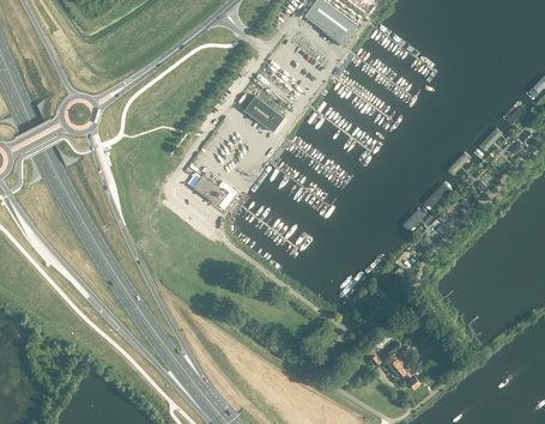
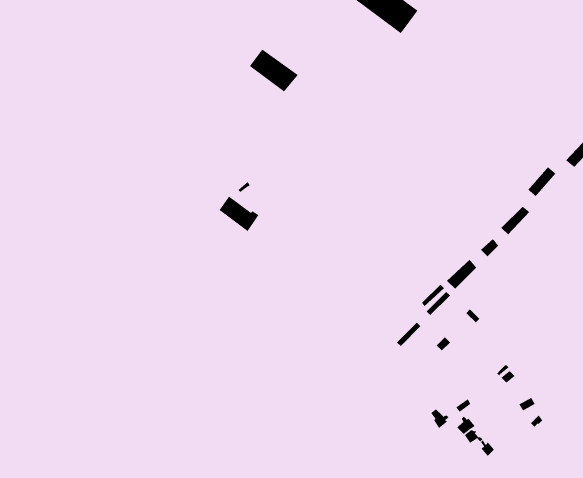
building: [243,96,284,132] -> [249,48,299,92]

